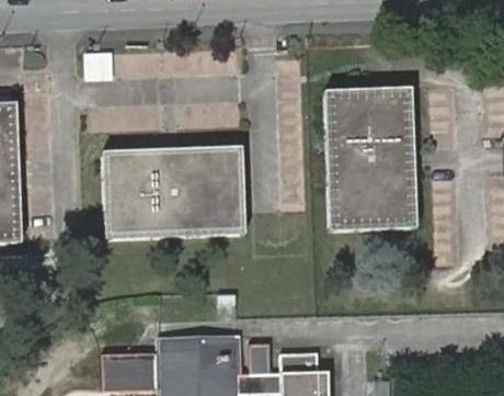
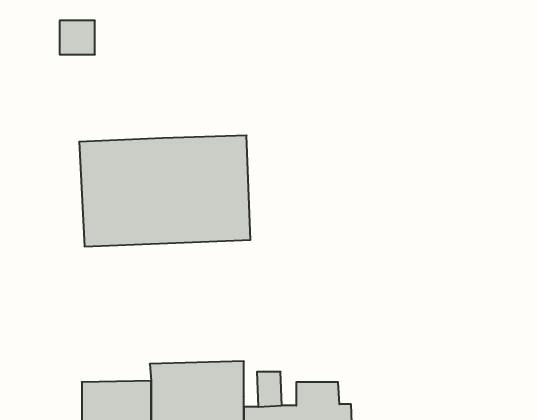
building: [322,87,416,230] -> none

